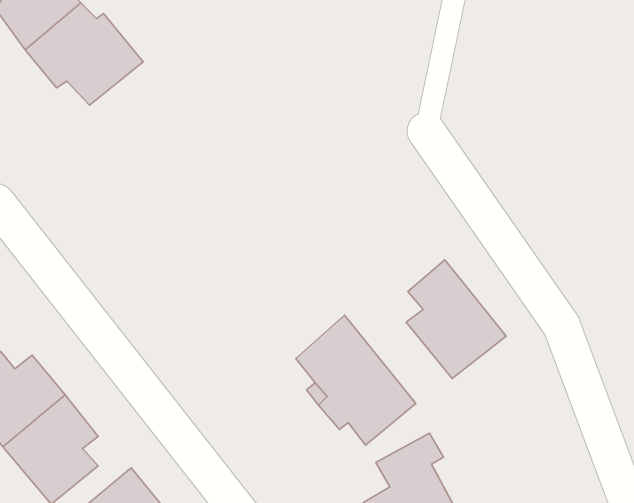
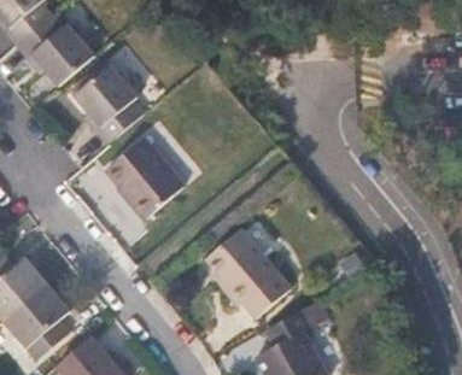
building: none -> [77,60,146,142]
building: none -> [103,137,183,218]
building: [406,260,506,378] -> none

